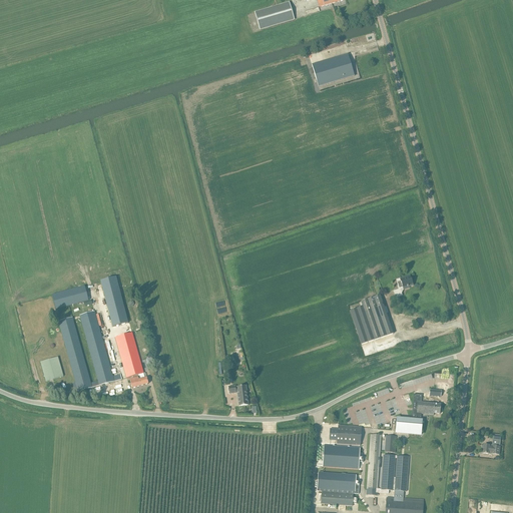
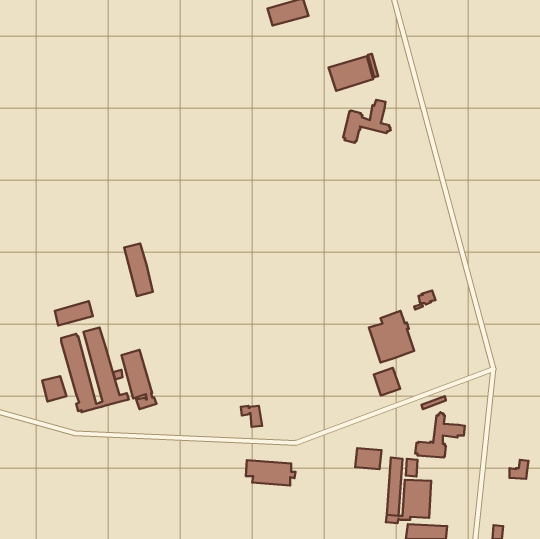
building: none -> [343,100,391,143]
building: [100,277,127,327] -> [124,243,153,296]
building: none -> [374,368,400,396]
building: [317,445,364,469] -> [246,460,295,486]
building: [315,471,359,505] -> none

